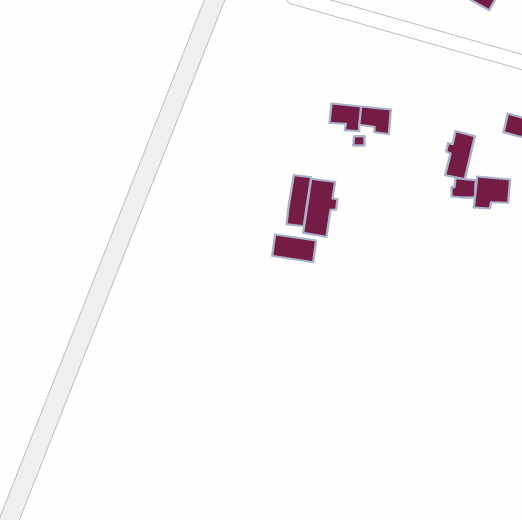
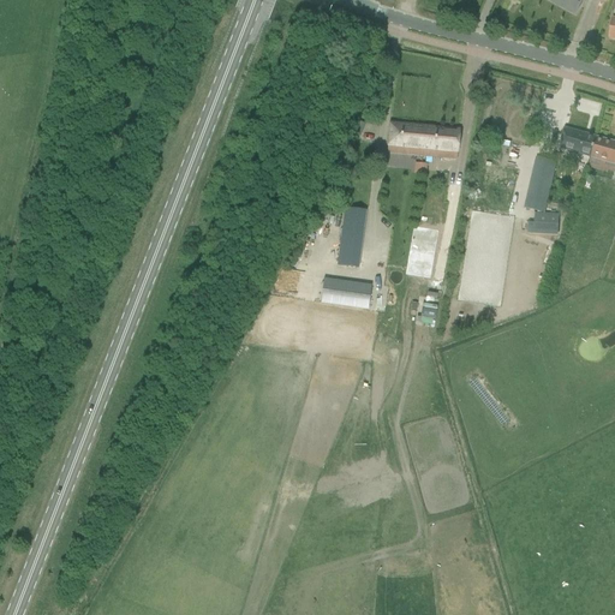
building: none -> [560,125,597,155]
building: [474,177,510,208] -> none
building: [303,179,338,237] -> none

